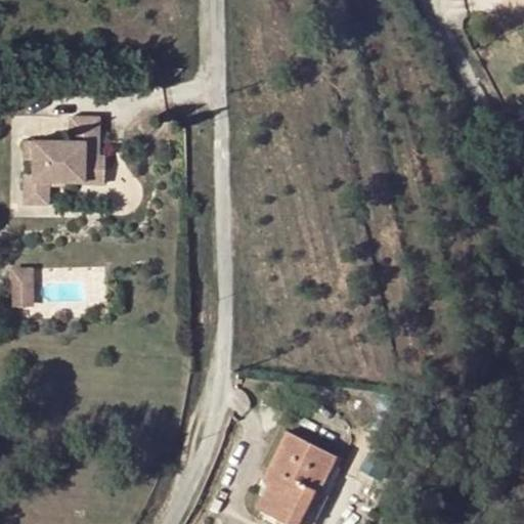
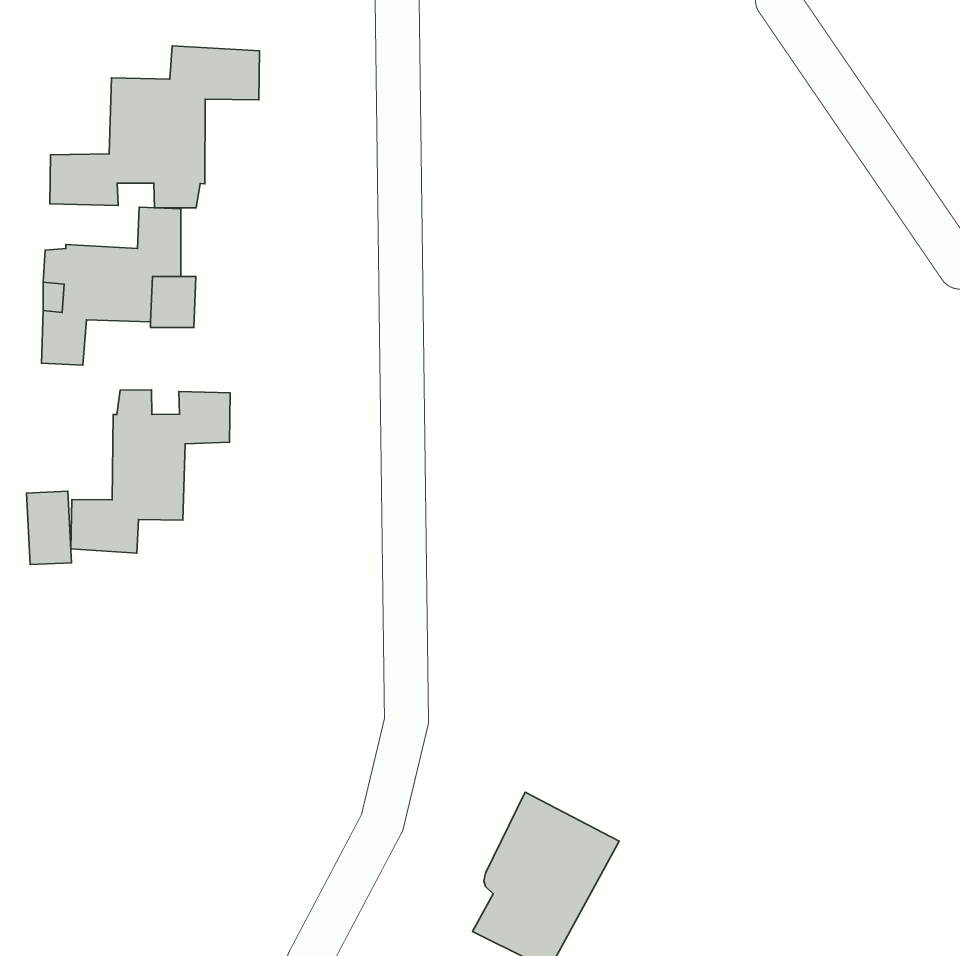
building: none -> [50,46,260,208]
building: none -> [71,390,230,553]

